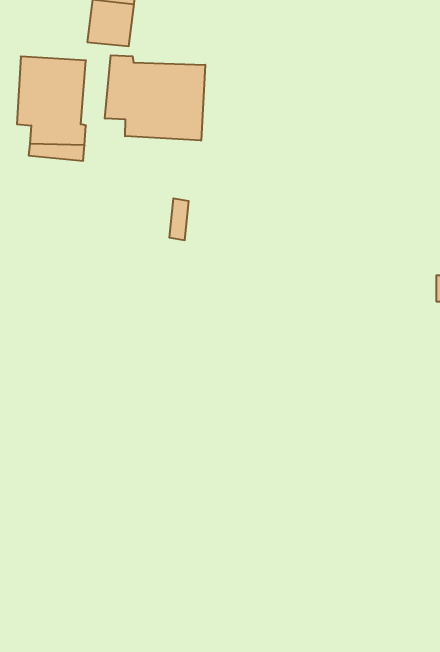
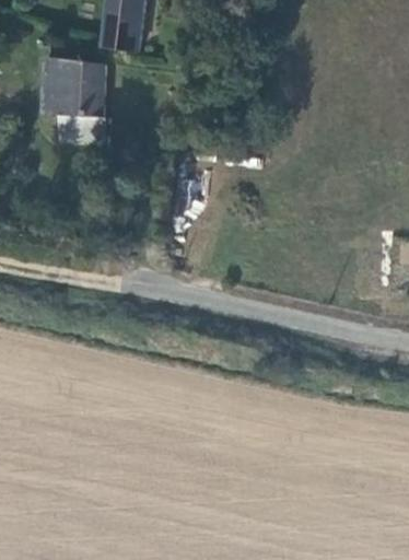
building: [105,55,205,141] -> none

